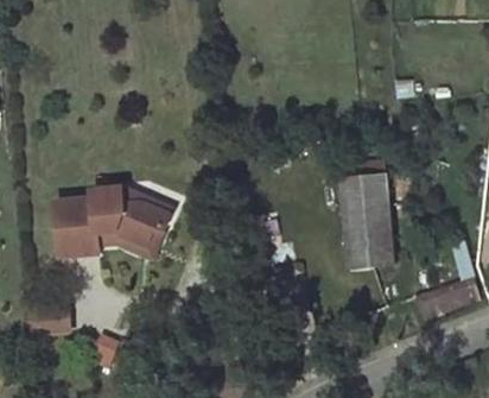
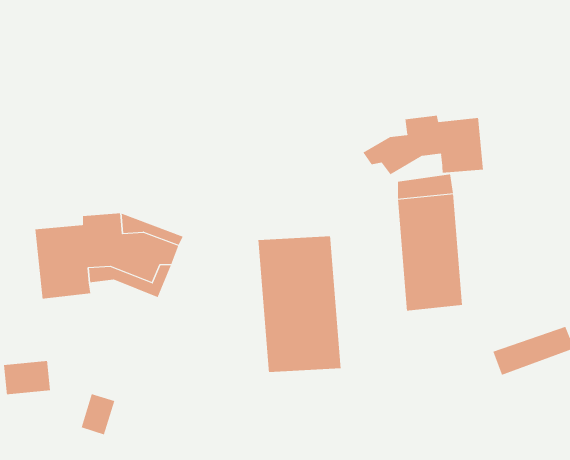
building: none -> [362,115,484,175]
building: none -> [258,235,341,373]

